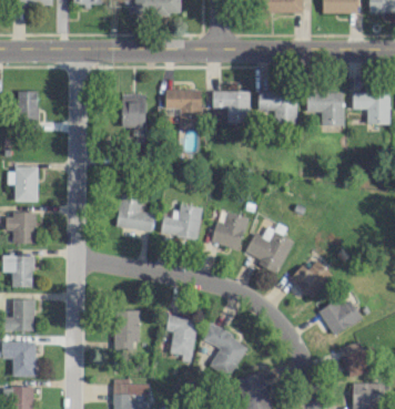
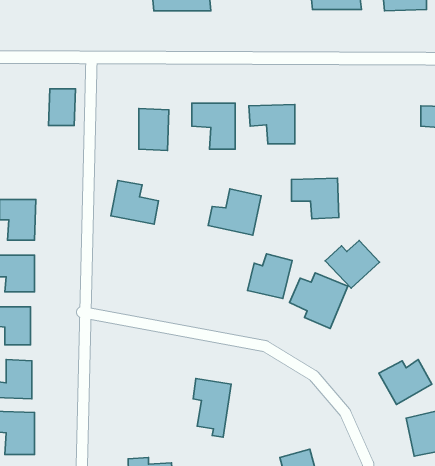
building: [17,90,39,120] -> [48,89,76,126]
building: [259,91,297,124] -> [291,178,339,219]
building: [307,92,344,125] -> none
building: [115,196,154,232] -> [111,181,158,224]
building: [160,202,203,239] -> [208,189,261,235]
building: [290,259,334,298] -> [325,240,380,288]
building: [113,309,139,350] -> none
building: [201,323,249,378] -> none

